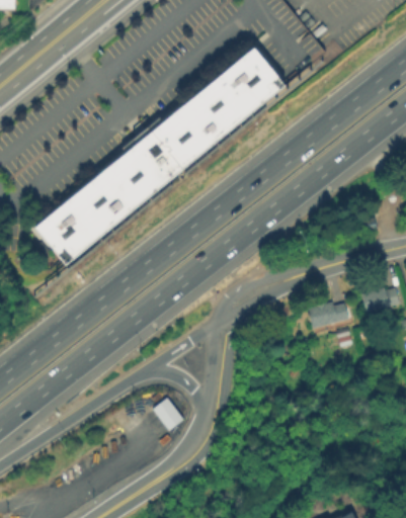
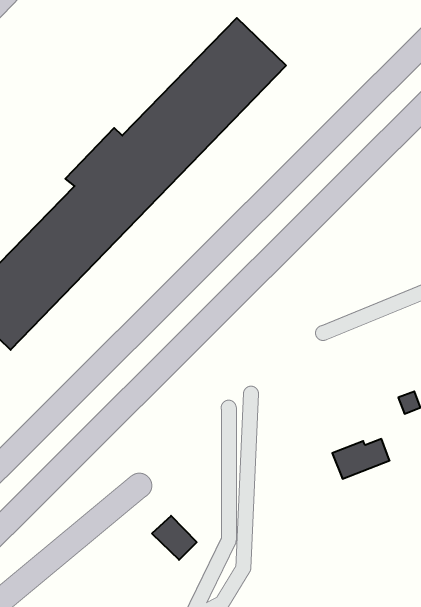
building: [311,304,351,329] -> [332,439,390,479]

